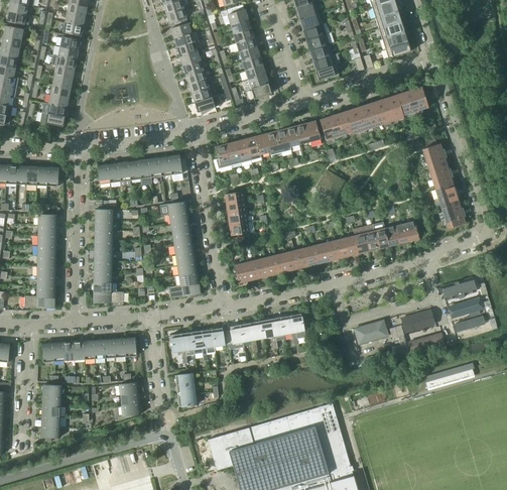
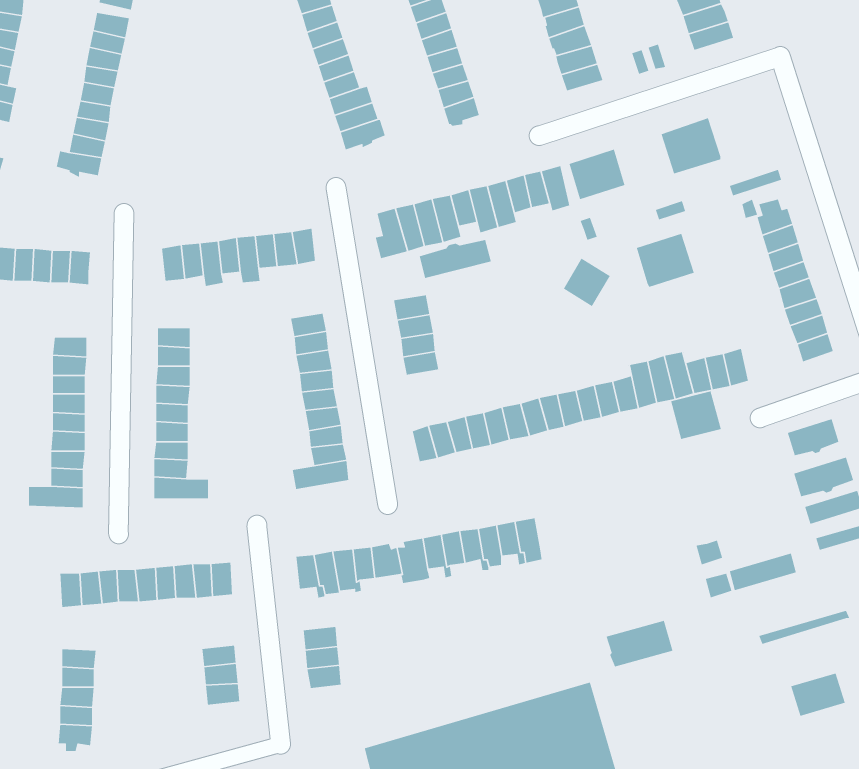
building: [397,86,428,115] -> none
building: [346,103,378,133] -> [636,233,695,288]
building: none -> [419,239,492,279]
building: none -> [670,390,722,440]
building: none -> [787,418,840,456]
building: [402,310,435,332] -> none
building: [353,318,390,344] -> [605,620,674,668]
building: none -> [790,672,846,717]

